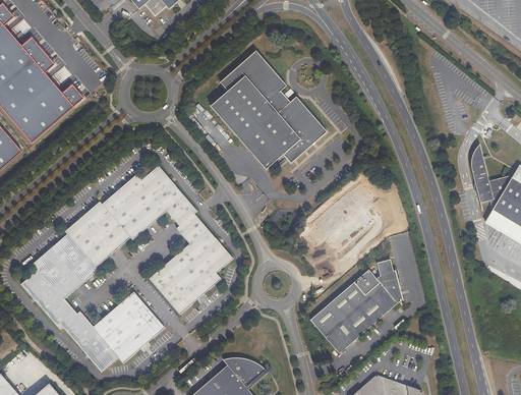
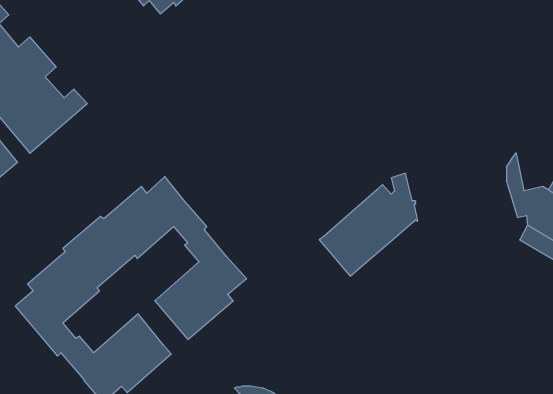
building: [212,51,328,170] -> none
building: [310,260,401,354] -> [319,173,418,276]

